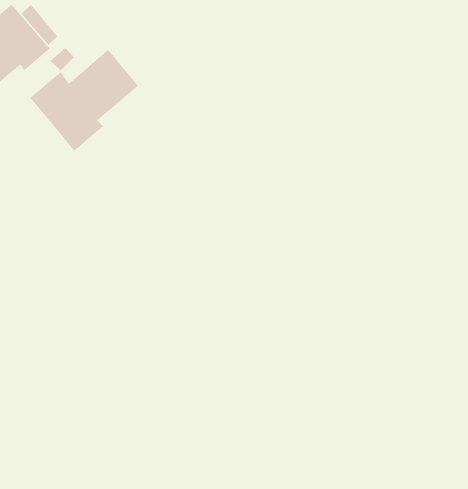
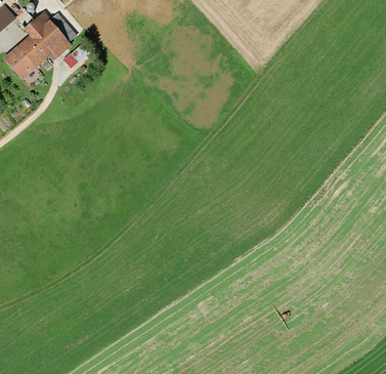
building: [29,49,139,152] -> none

